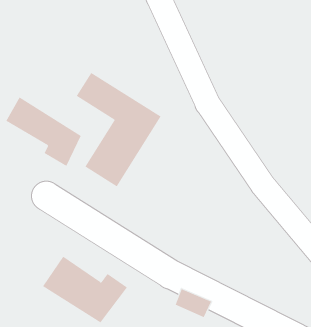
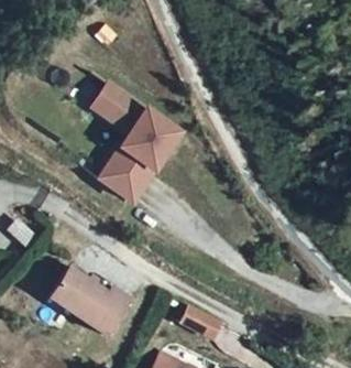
building: [5,96,81,167] -> none

